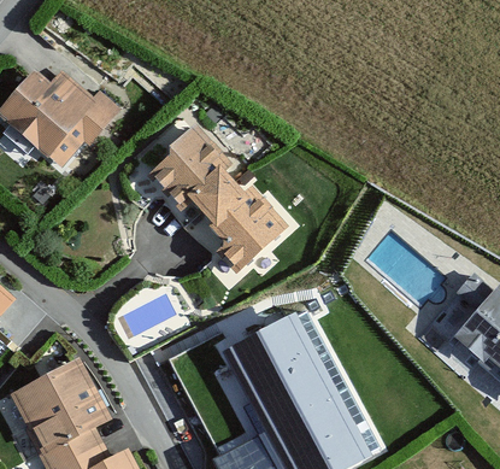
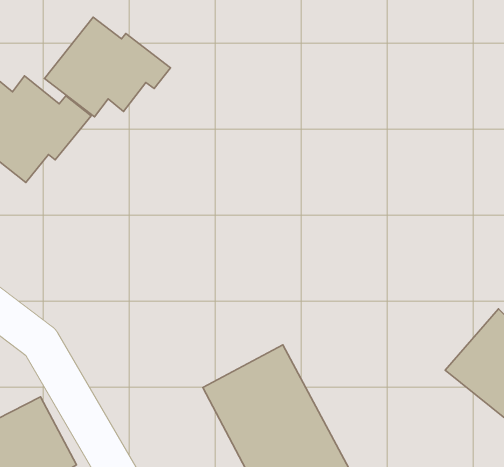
building: none -> [44,17,171,117]
building: [140,125,287,271] -> none

